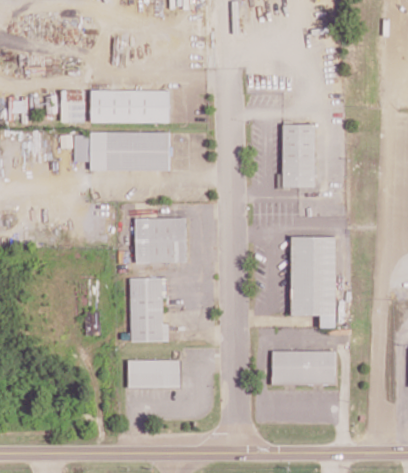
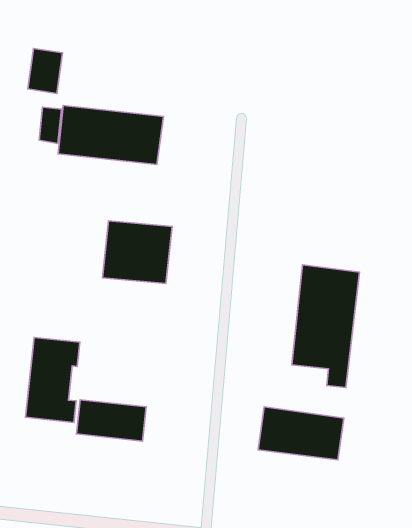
building: [90,90,169,123] -> none
building: [281,124,314,187] -> none
building: [130,278,168,341] -> [26,337,80,422]

